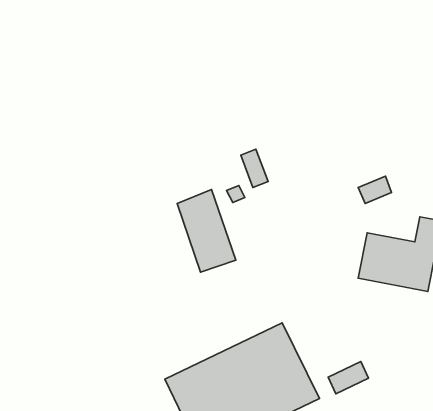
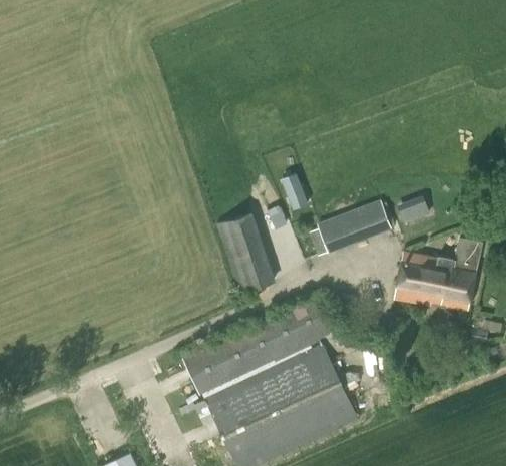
building: none -> [310,201,391,257]
building: none -> [183,298,331,395]
building: [328,362,368,394] -> none

